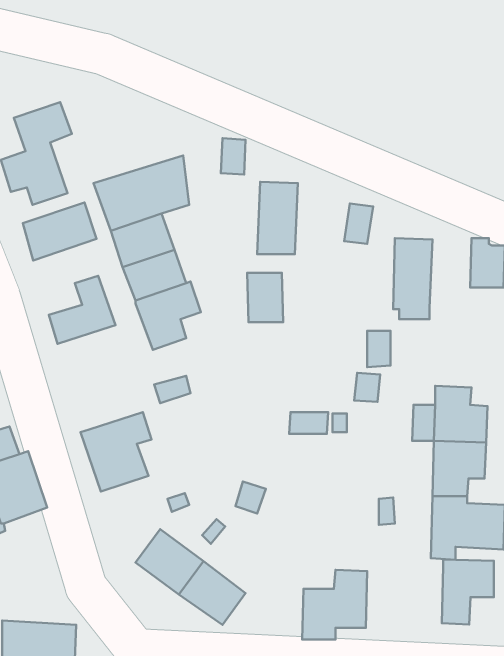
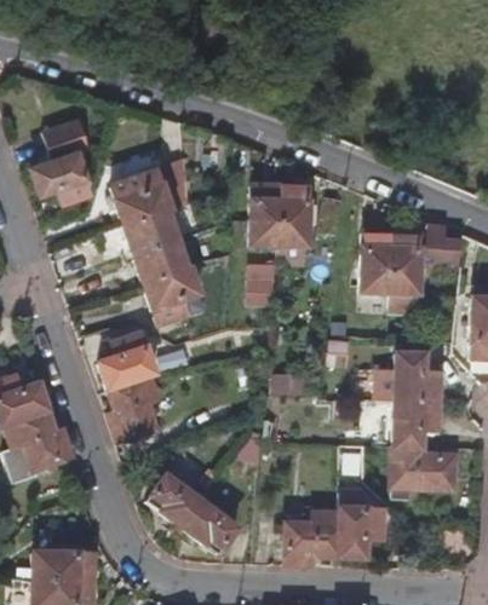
building: none -> [279,184,311,265]
building: [23,203,96,260] -> none
building: none -> [392,231,423,309]
building: [49,276,115,344] -> [101,333,156,390]
building: [442,559,494,625] -> [339,502,383,557]

